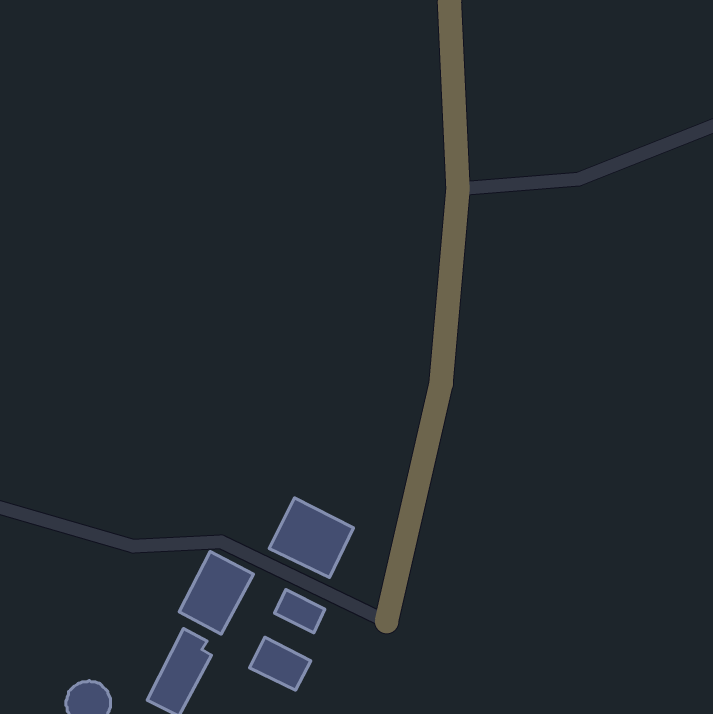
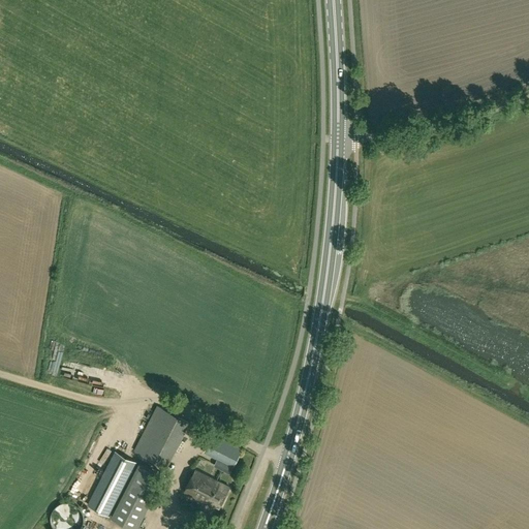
building: [269,498,354,578] -> none
building: none -> [86,454,134,518]

